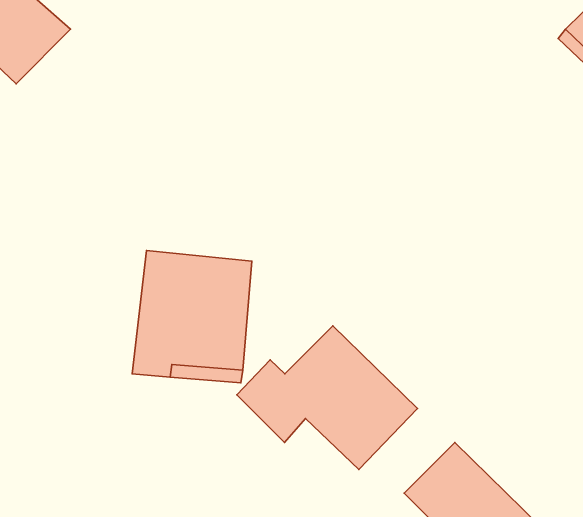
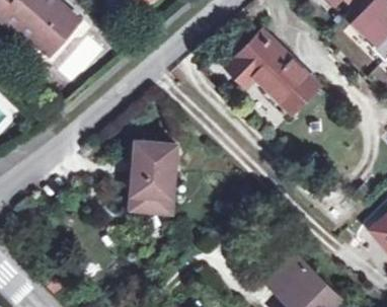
building: none -> [228,29,319,111]
building: [237,326,417,470] -> none

